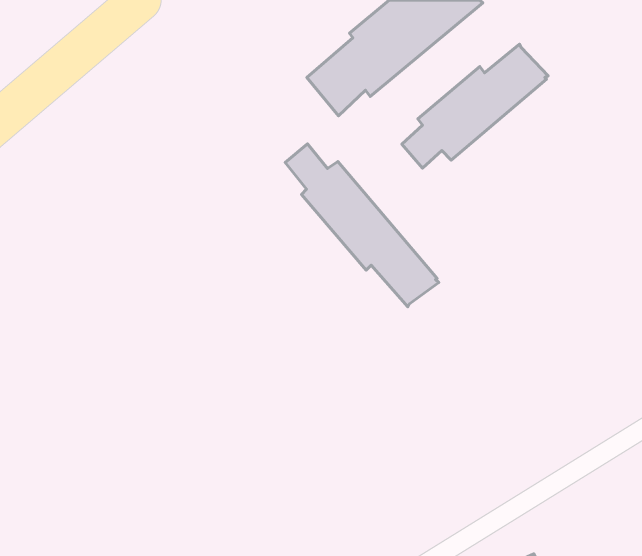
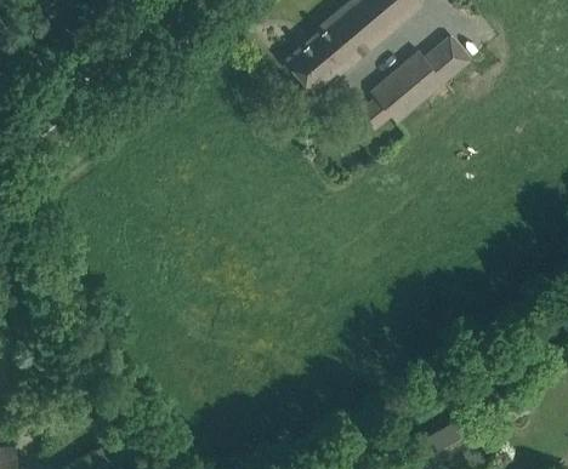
building: [285,144,439,307] -> none

